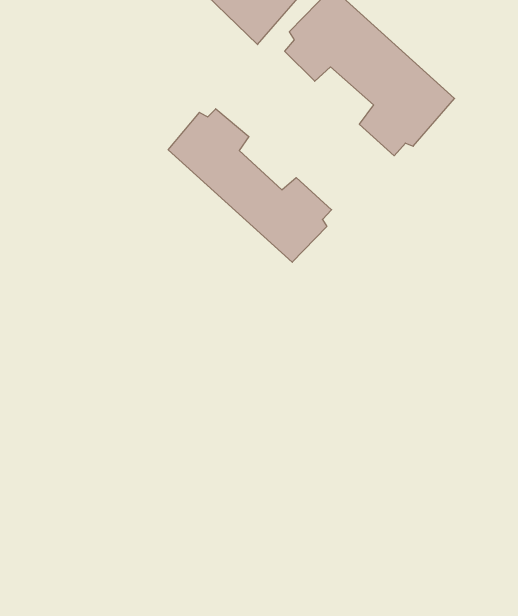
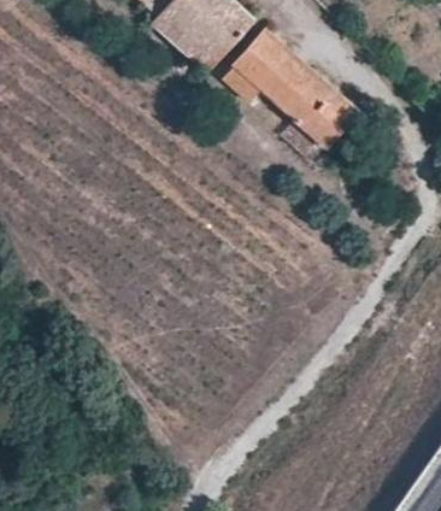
building: [168,109,332,262] -> none

